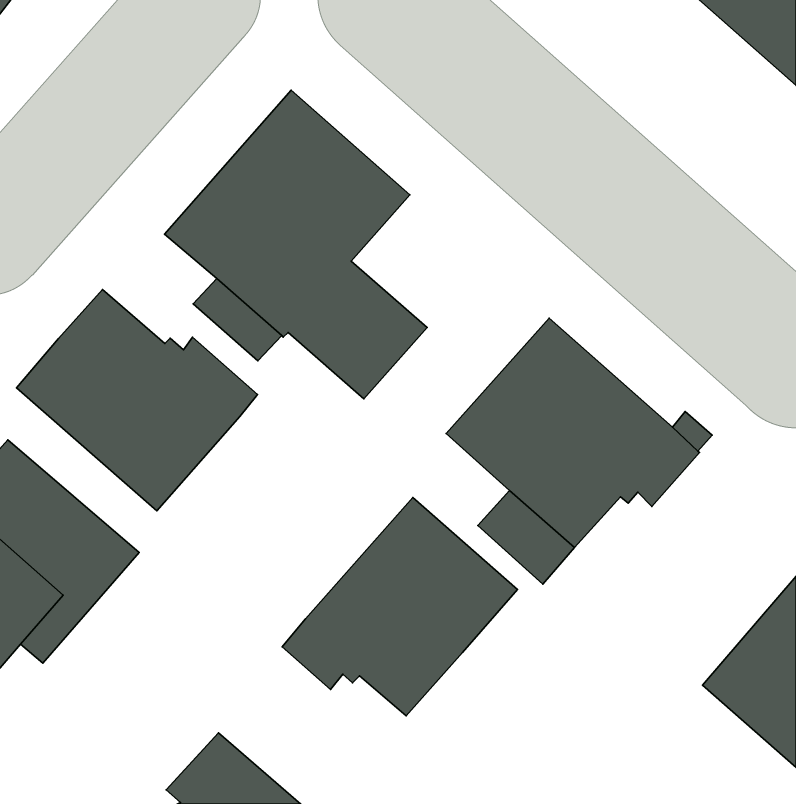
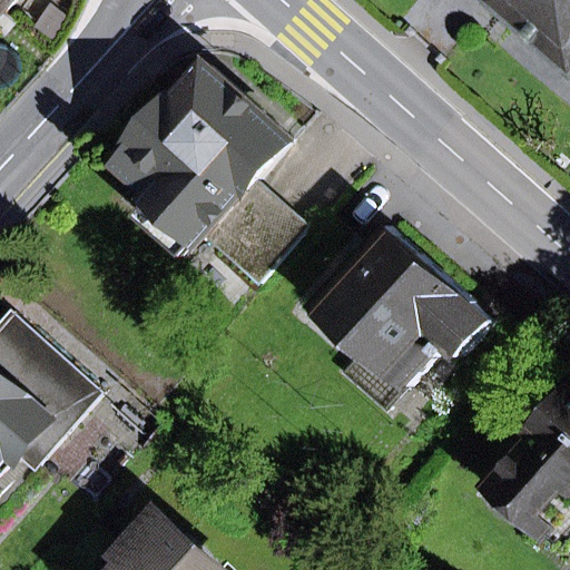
building: [16,289,257,511] -> none
building: [282,498,517,716] -> none

